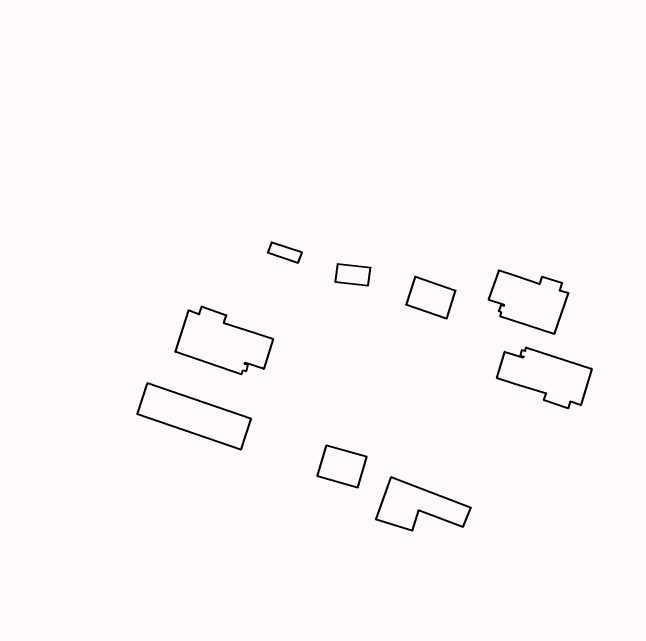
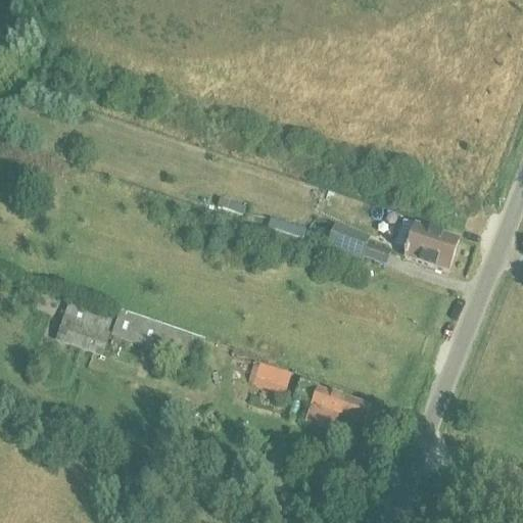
building: [175,306,273,374] -> none
building: [497,347,592,408] -> none
building: none -> [54,298,114,352]

